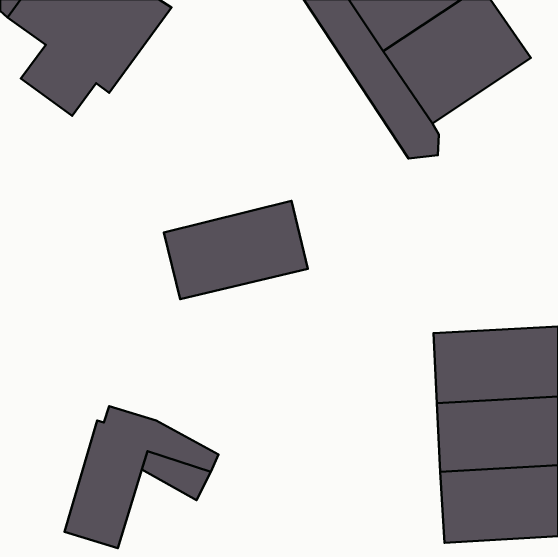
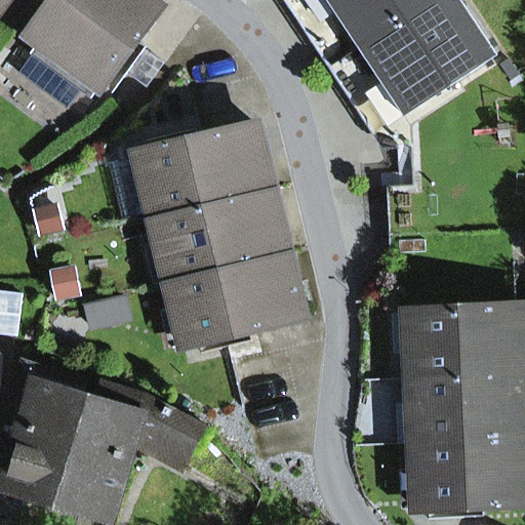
building: none -> [138,125,274,218]
building: none -> [169,252,305,346]
building: none -> [10,361,91,499]

